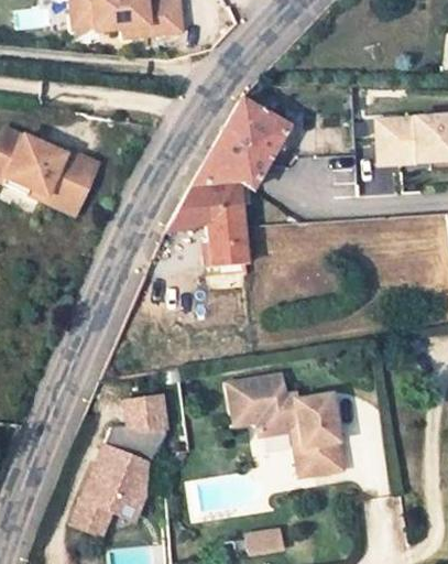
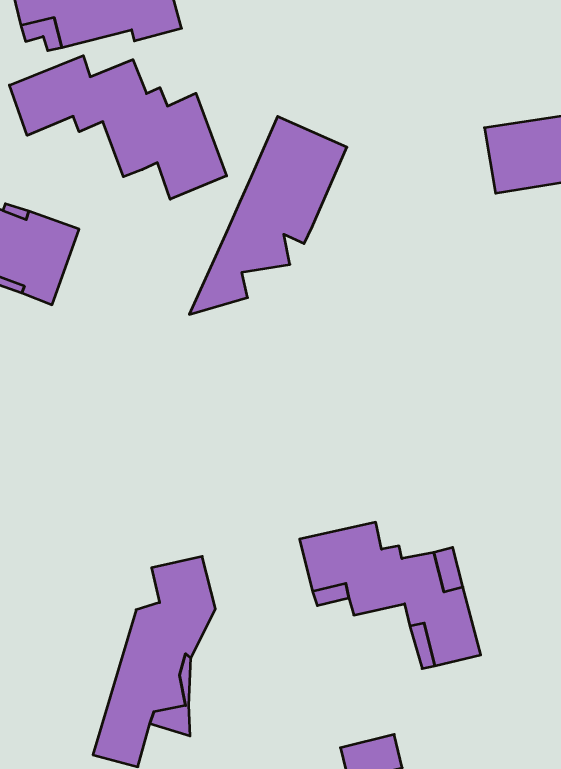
building: none -> [9,56,227,199]
building: [208,198,248,262] -> none

